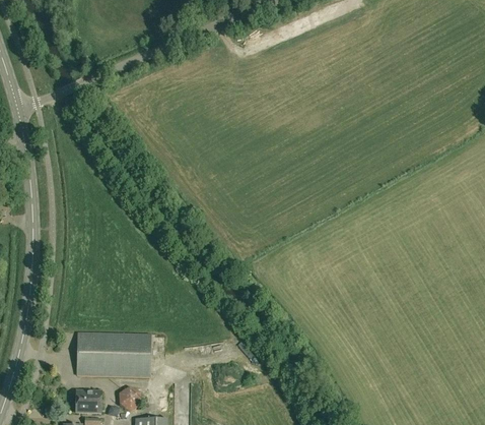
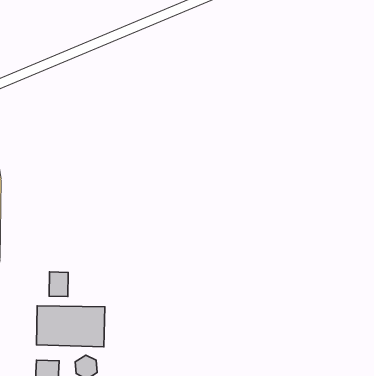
building: none -> [49,272,68,297]

